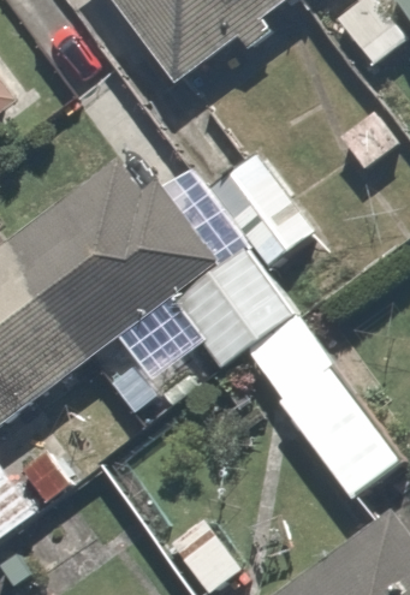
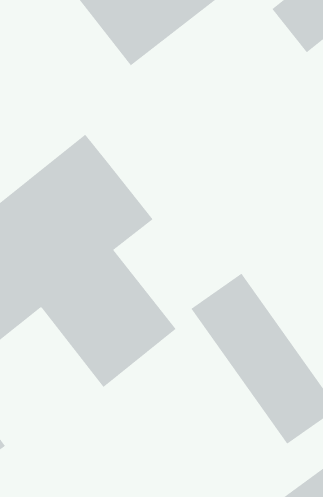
building: [149,145,317,279] -> none

